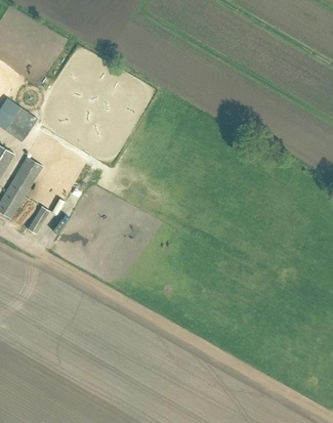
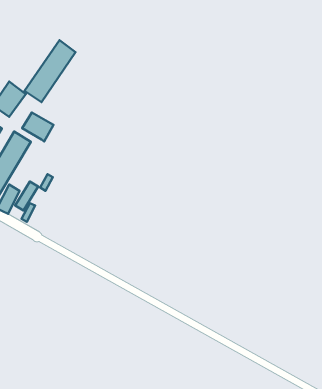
building: none -> [24,40,76,102]
building: none -> [22,113,53,141]

